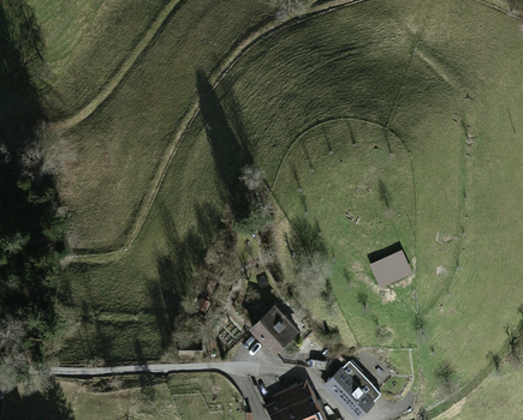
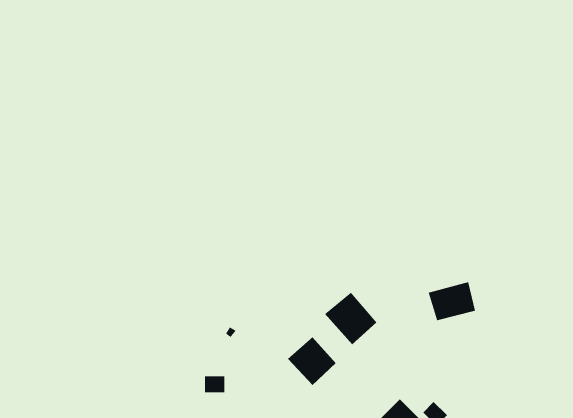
building: none -> [324,292,377,345]

